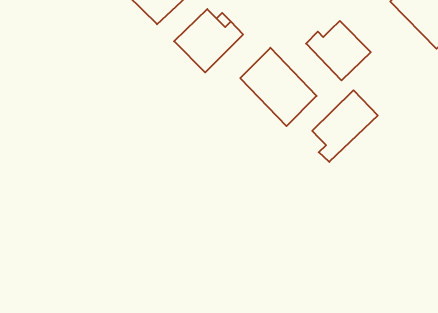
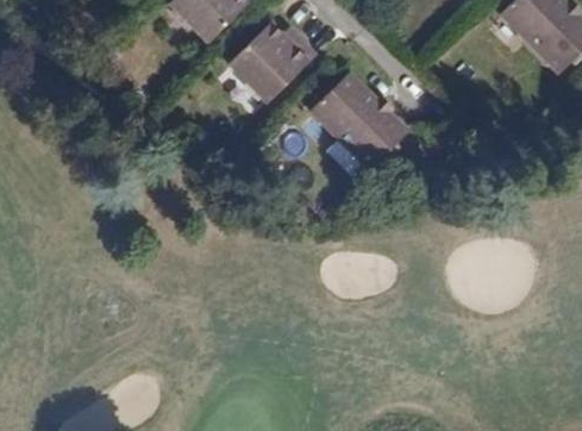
building: [306,21,371,80] -> none
building: [312,90,378,162] -> none

